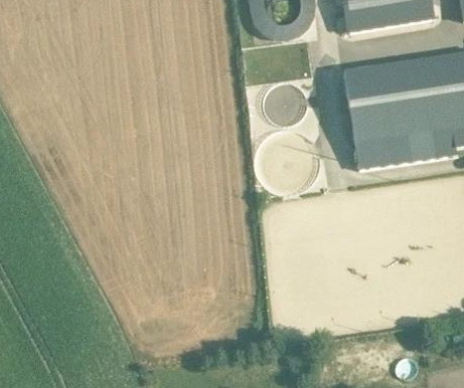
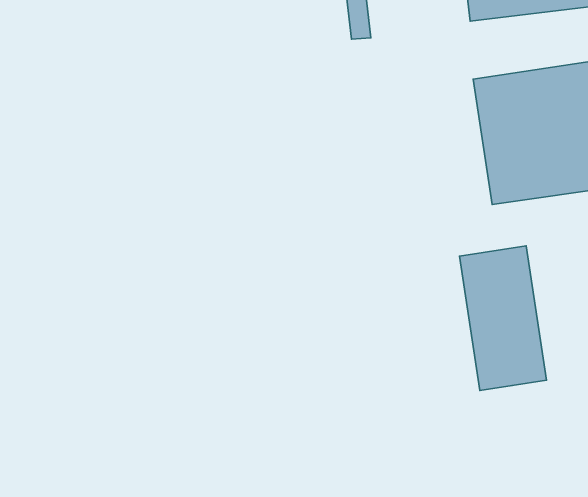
building: none -> [460,246,547,390]

